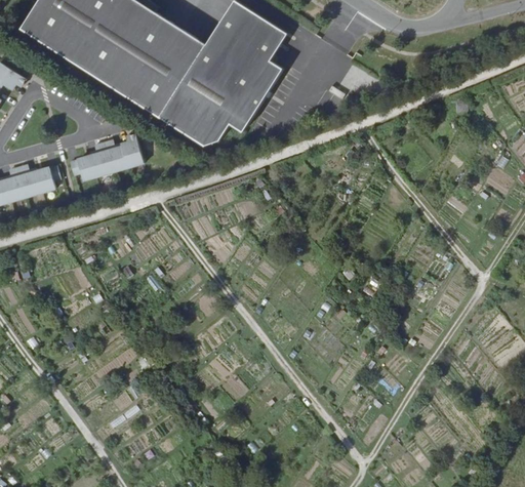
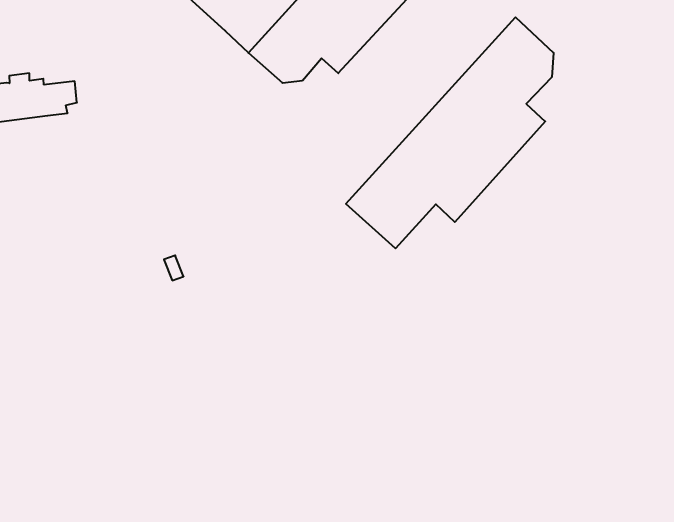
building: none -> [346,17,554,248]
building: [71,134,145,182] -> none

